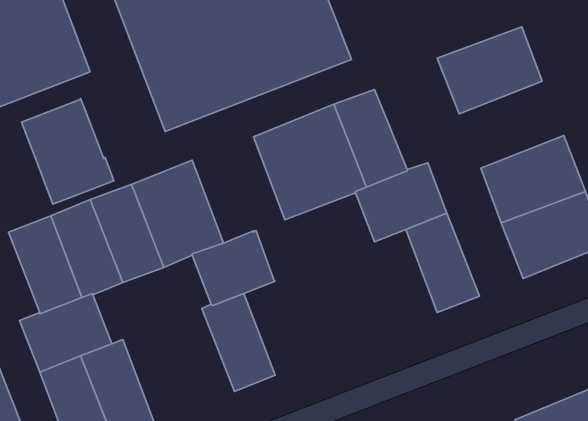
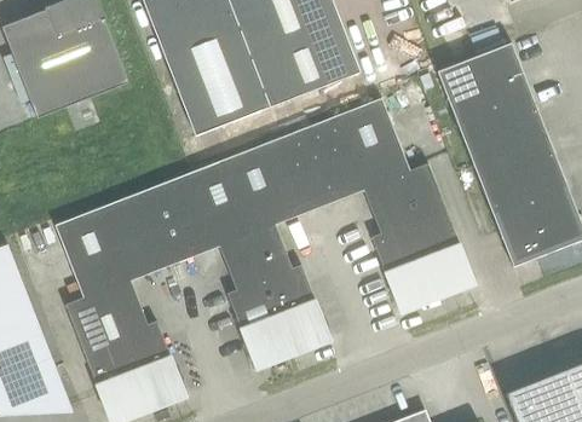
building: none -> [456,92,549,169]
building: [22,99,114,204] -> none
building: none -> [219,141,301,236]
building: none -> [371,224,437,312]
building: none -> [265,265,330,353]

